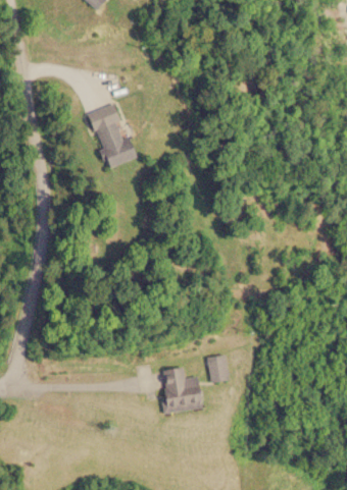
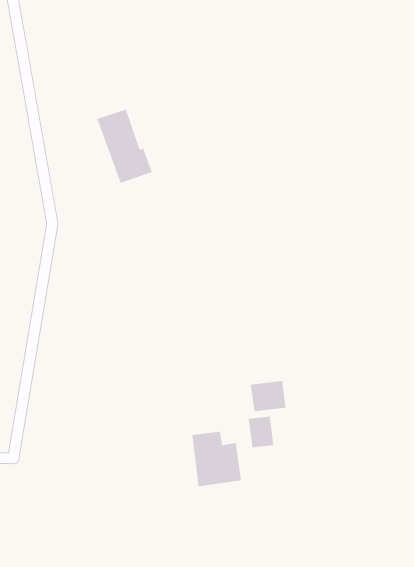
building: none -> [250,380,287,412]

